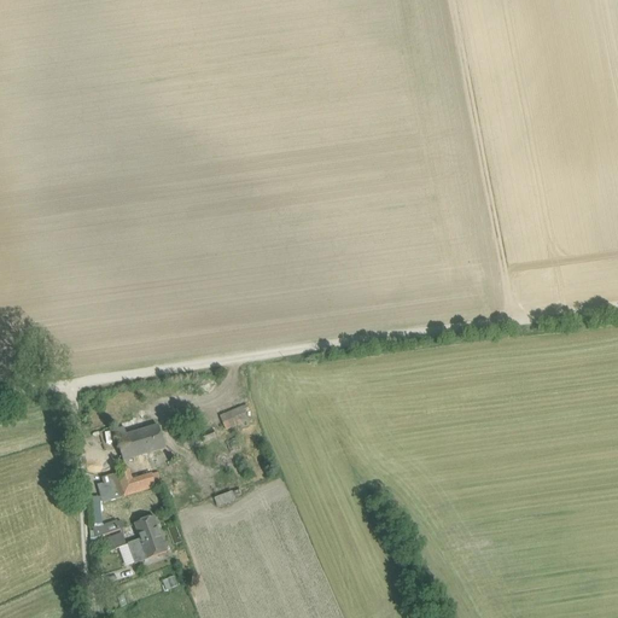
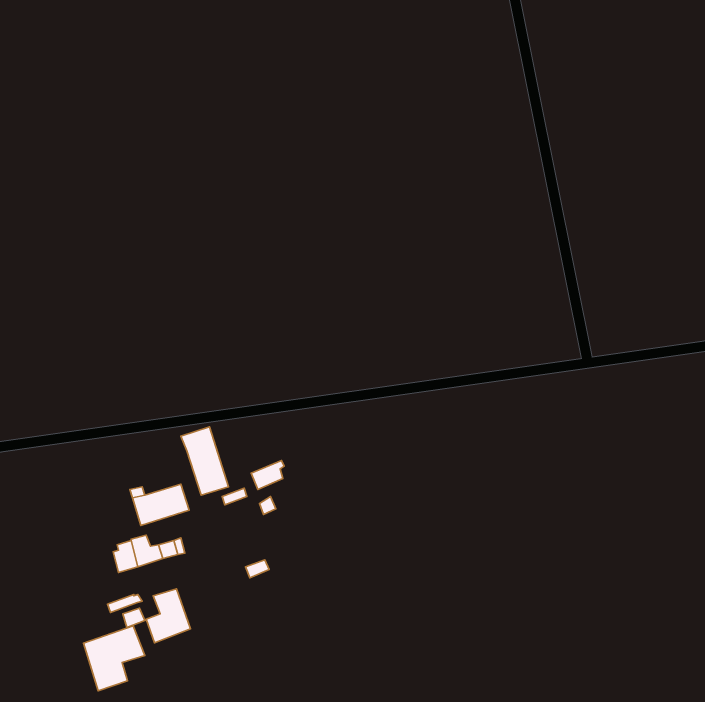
building: none -> [181,427,228,495]
building: none -> [84,626,145,691]

